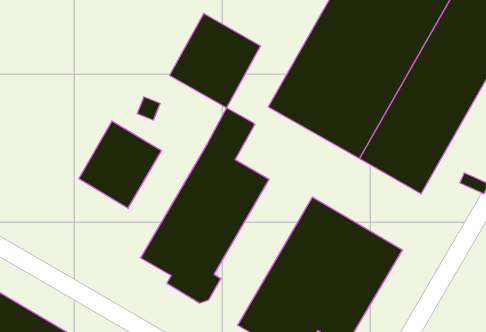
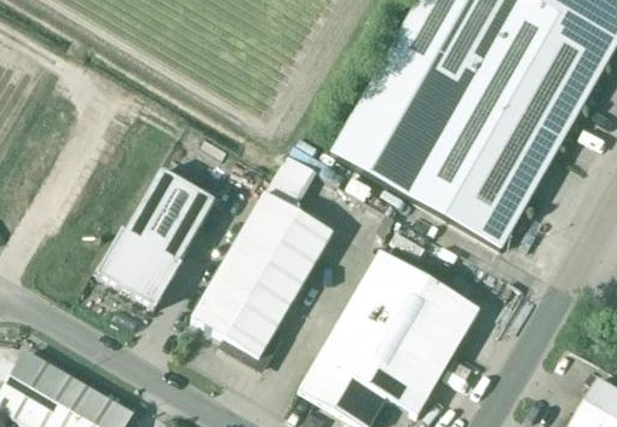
building: [170,13,261,108] -> none
building: none -> [98,230,180,307]

